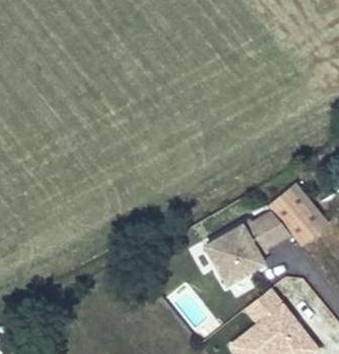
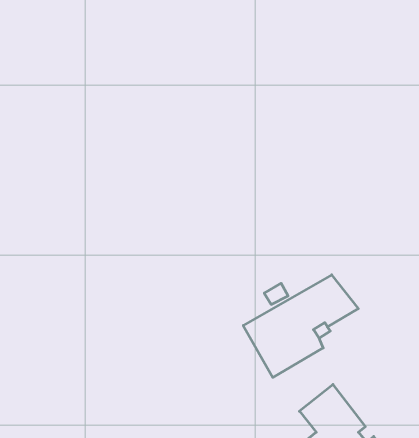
building: [265,184,320,240] -> none

